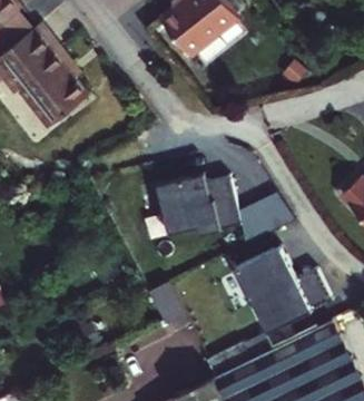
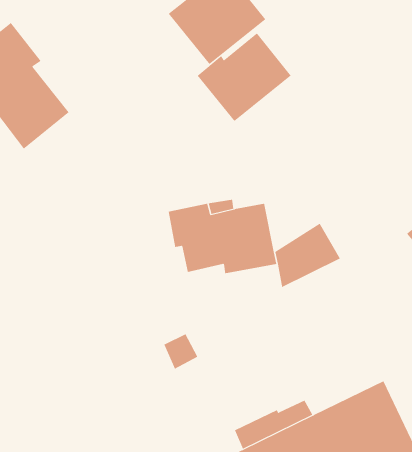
building: none -> [197,33,291,122]
building: [237,244,333,331] -> none

